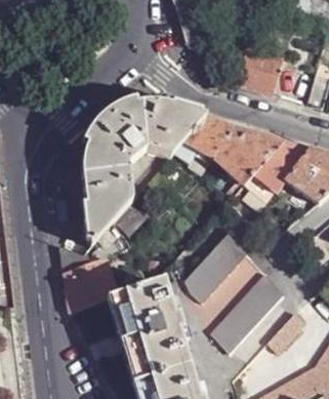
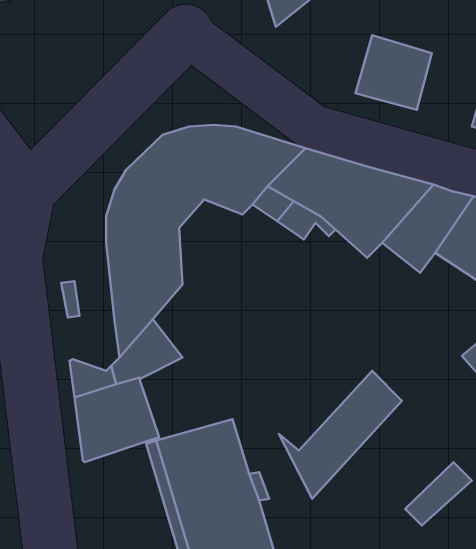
building: [183,234,246,303] -> none
building: [209,272,283,351] -> none

